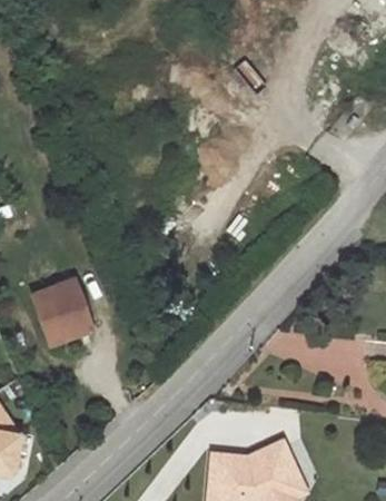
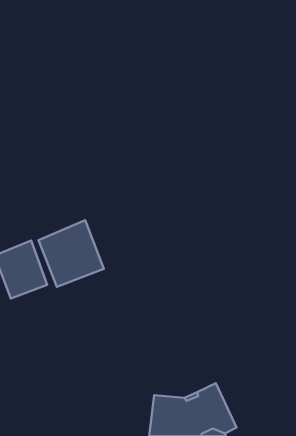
building: none -> [39,220,104,287]

